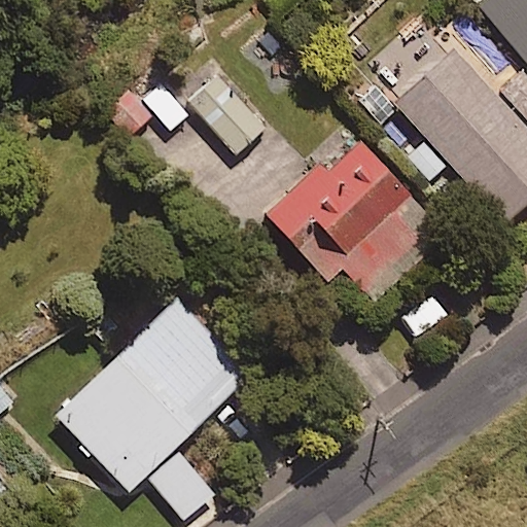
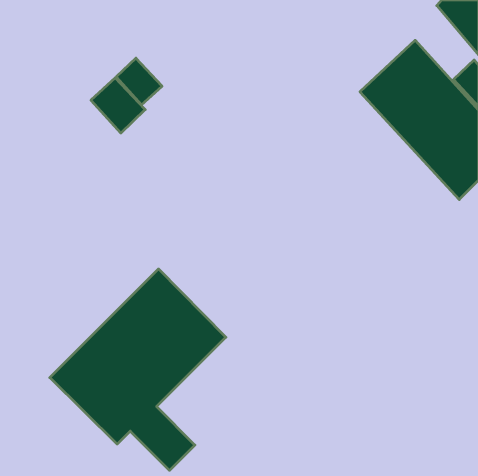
building: [183,71,267,157] -> none
building: [261,137,445,315] -> none

